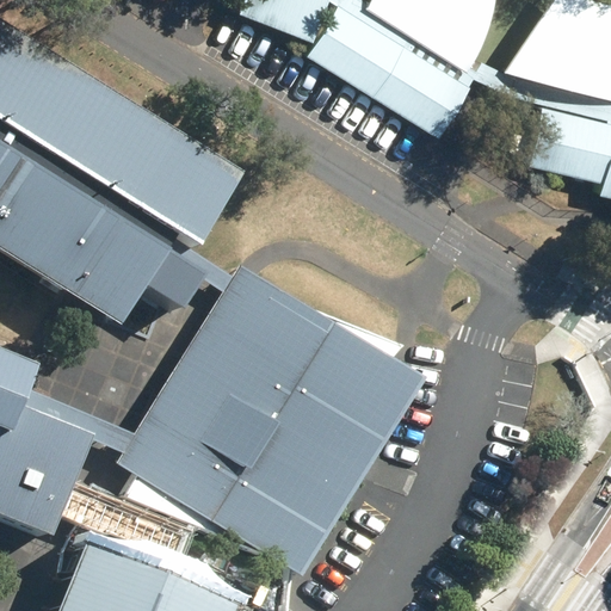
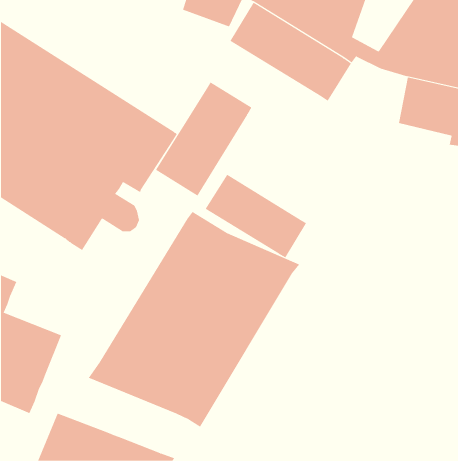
building: none -> [155,81,252,197]
building: none -> [205,174,307,258]
building: [13,241,260,477] -> none
building: [271,360,424,580] -> none

